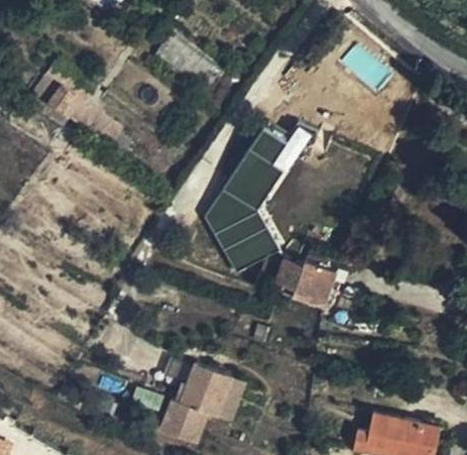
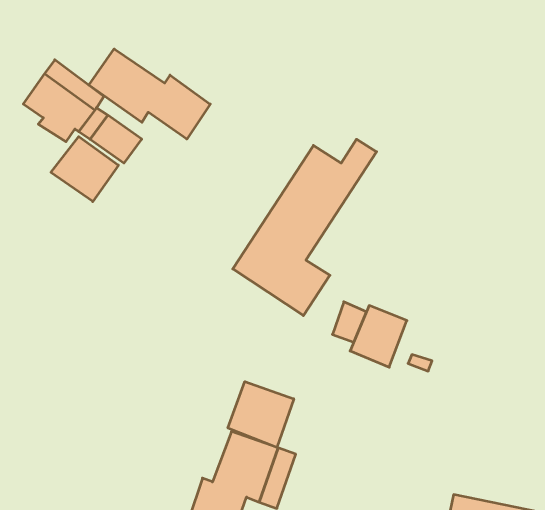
building: none -> [89,49,210,139]
building: none -> [51,137,118,202]
building: none -> [228,382,294,447]

